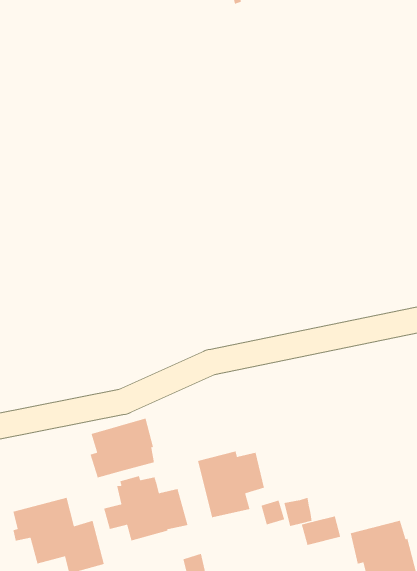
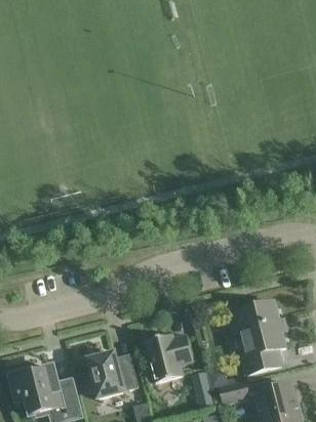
building: none -> [232,300,286,373]
building: [90,418,155,479] -> none

